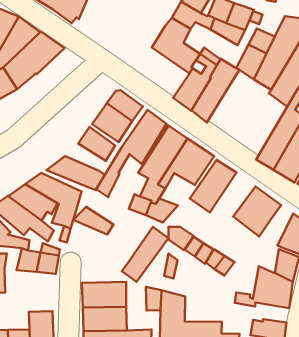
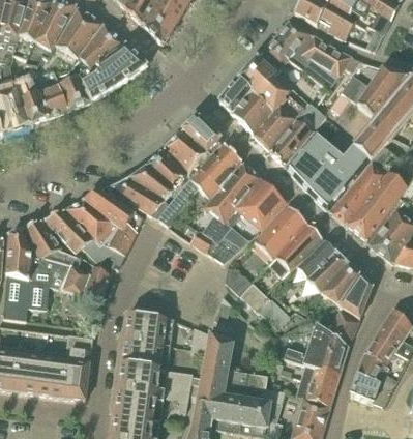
building: none -> [219,78,273,134]
building: none -> [284,130,368,209]
building: none -> [320,263,359,304]
building: [73,207,114,235] -> [130,166,172,198]
building: [122,227,168,282] -> [268,223,322,277]
building: none -> [300,360,340,386]

